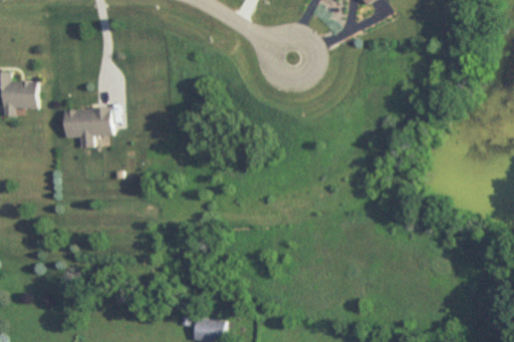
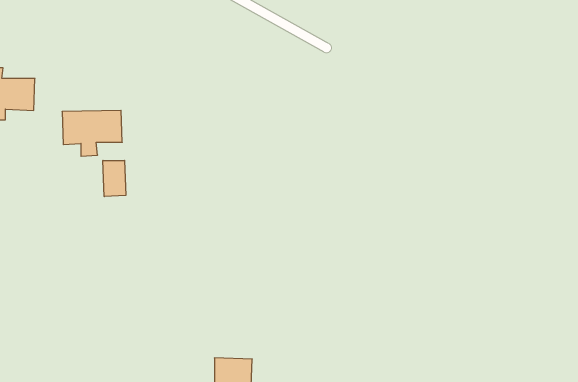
building: none -> [103,160,126,197]

